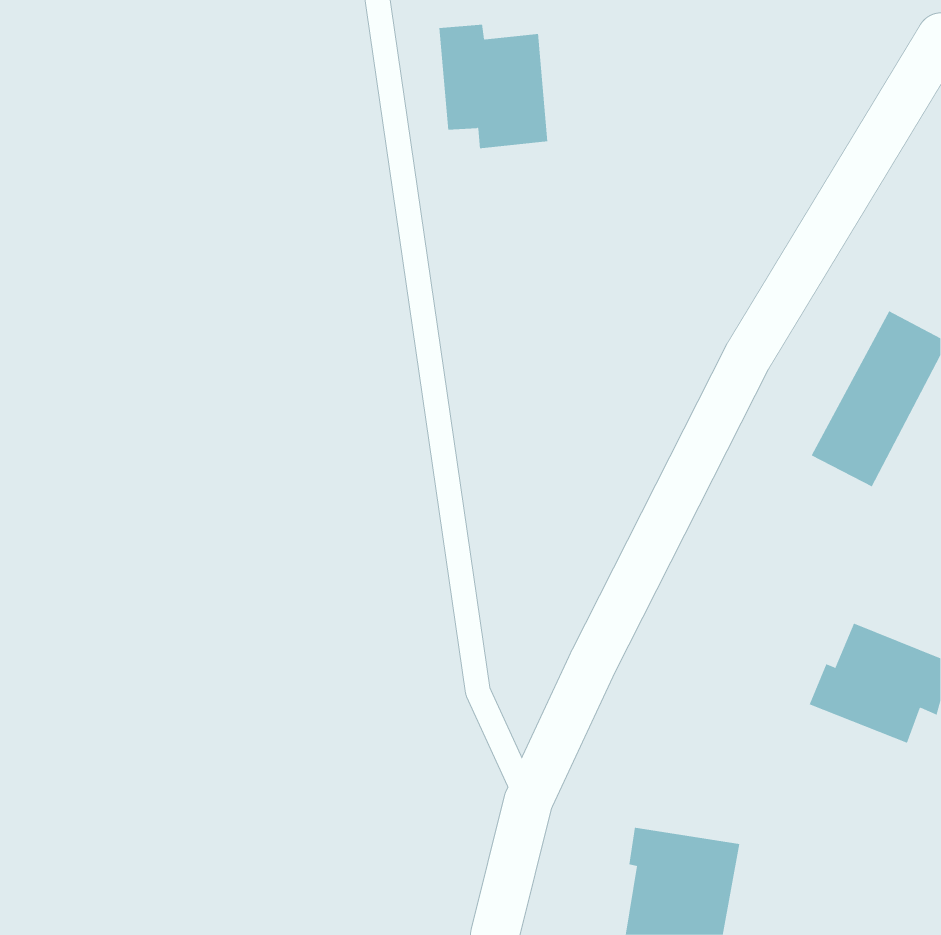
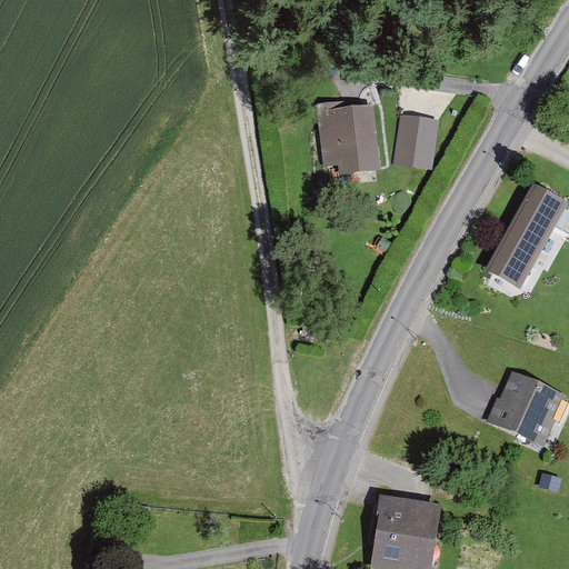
building: [438,24,548,149] -> [313,102,379,177]
building: none -> [396,108,446,164]

